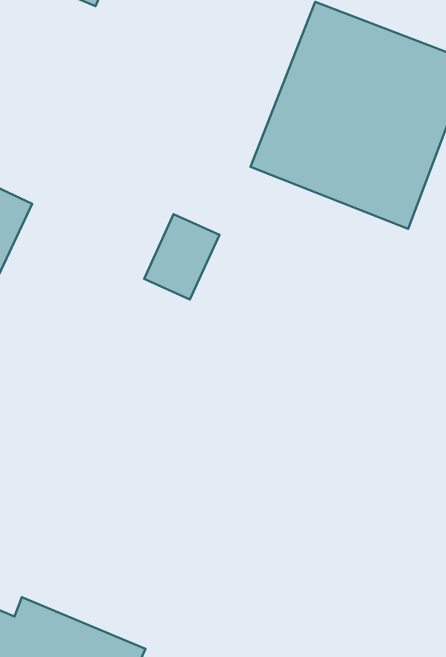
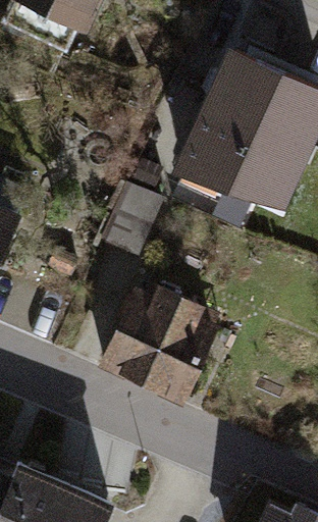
building: none -> [104,284,210,396]

